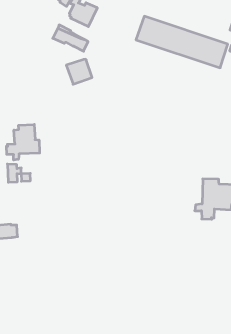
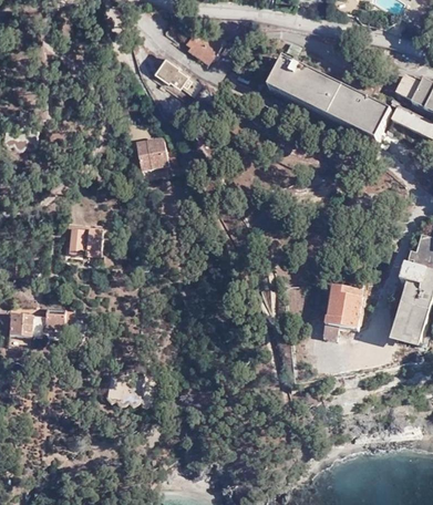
building: [66,59,92,84] -> [137,138,169,169]
building: [6,124,40,160] -> none

